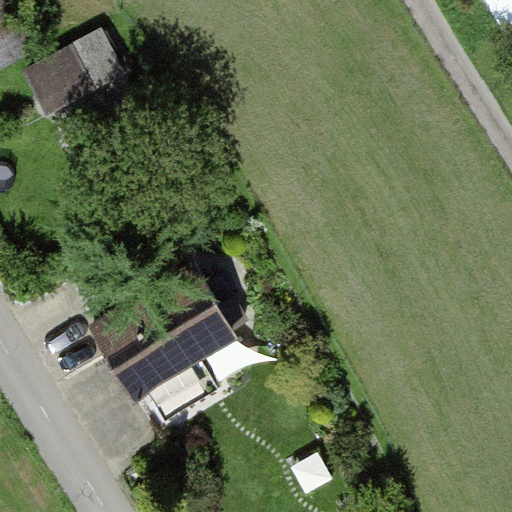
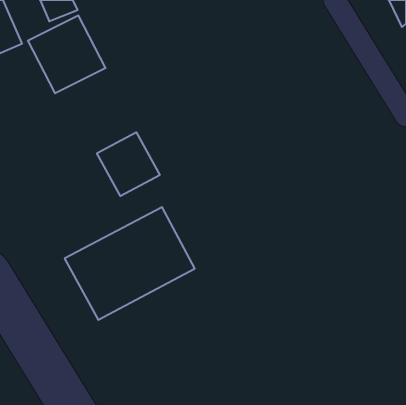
building: none -> [97,132,160,196]

